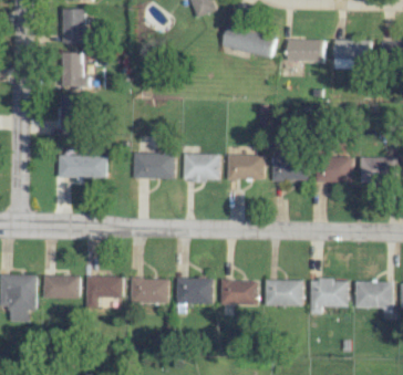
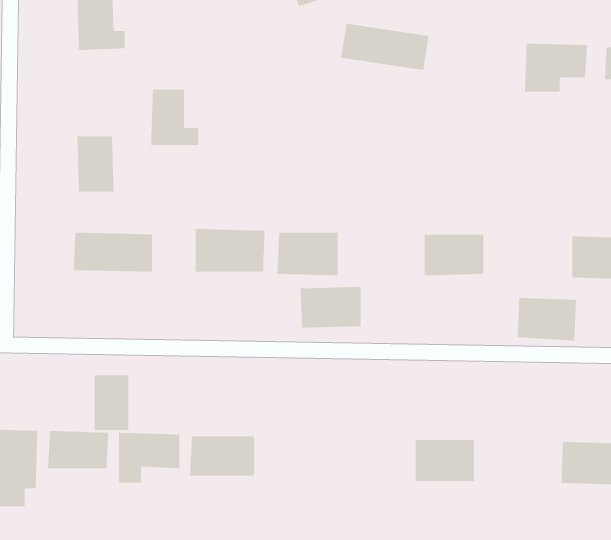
building: [286,39,323,61] -> none
building: [60,52,90,86] -> [150,89,199,146]
building: [226,154,264,179] -> [300,286,361,328]
building: [317,157,353,184] -> [517,298,577,341]
building: none -> [94,374,129,431]
building: [176,277,214,303] -> none
building: [220,279,258,305] -> none
building: [310,279,348,314] -> none

